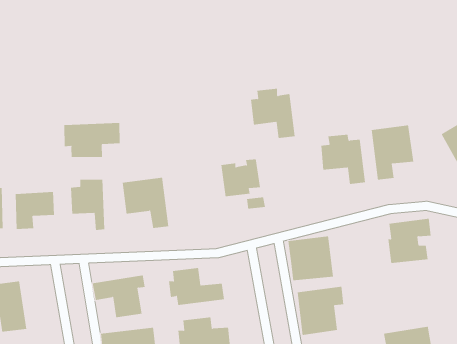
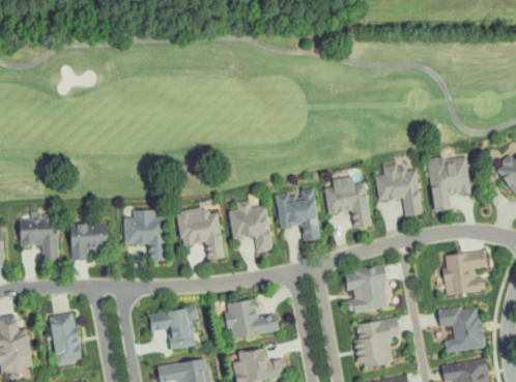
building: [250,88,295,139] -> [325,176,371,227]
building: [64,122,120,158] -> none
building: none -> [228,199,273,251]
building: none -> [437,304,485,352]

